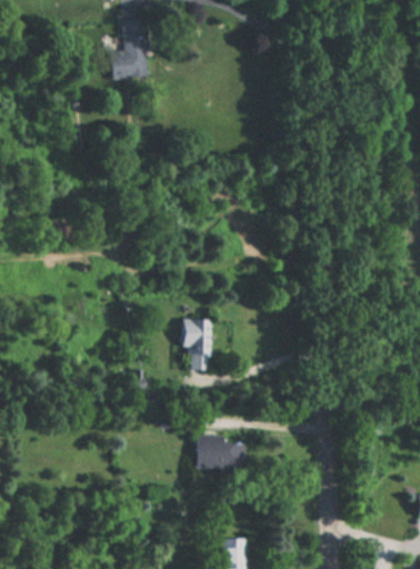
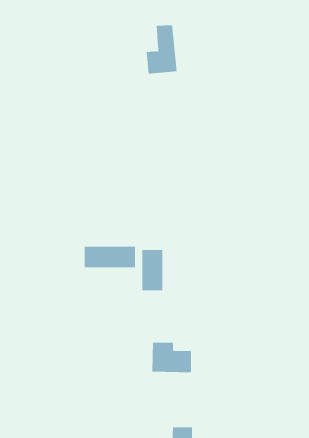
building: [111,18,150,79] -> [146,25,177,74]
building: none -> [84,246,135,268]

